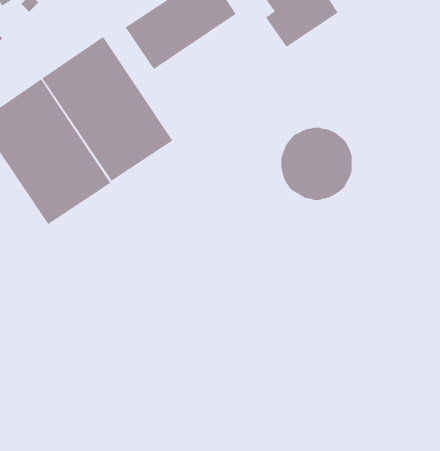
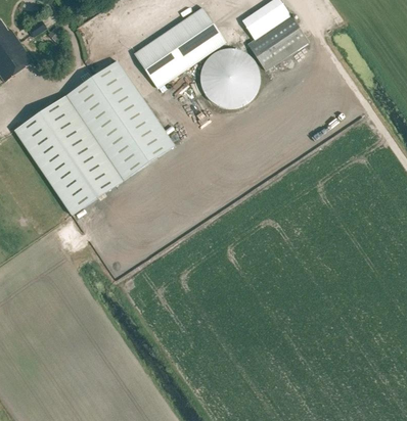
building: [281,127,353,200] -> [200,48,260,108]

